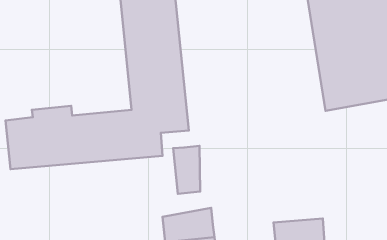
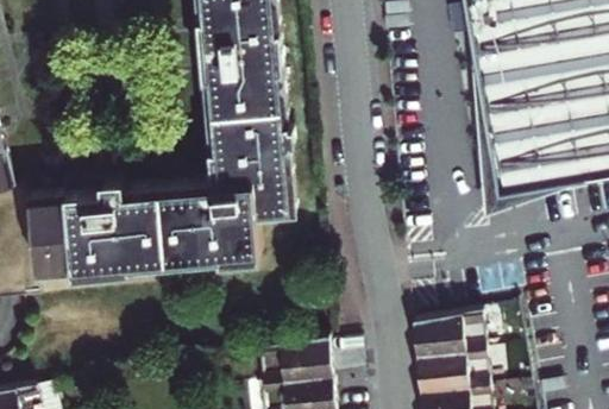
building: [173,146,200,194] -> none
building: none -> [414,309,489,357]

